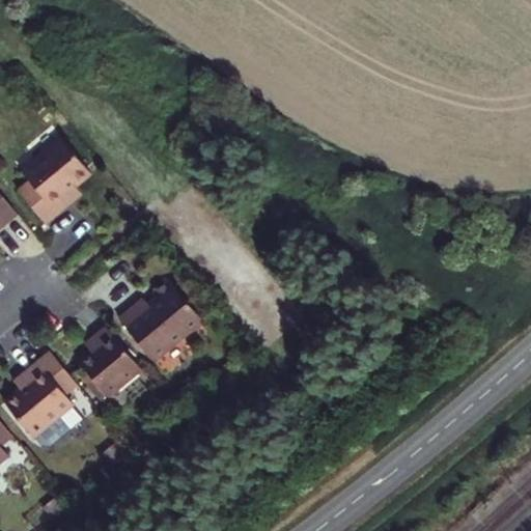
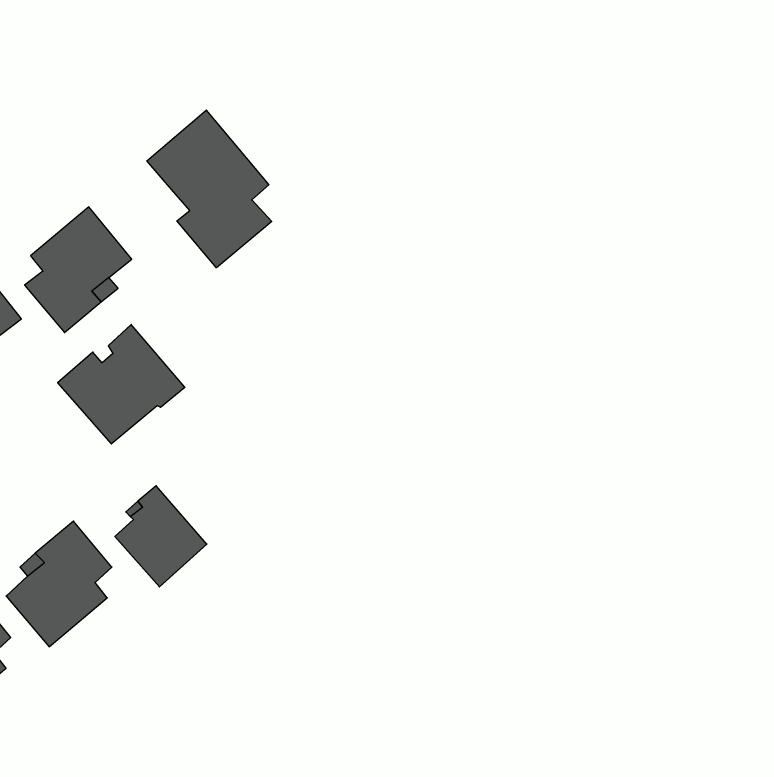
building: none -> [147,110,272,268]
building: [119,281,205,362] -> [58,324,185,444]

